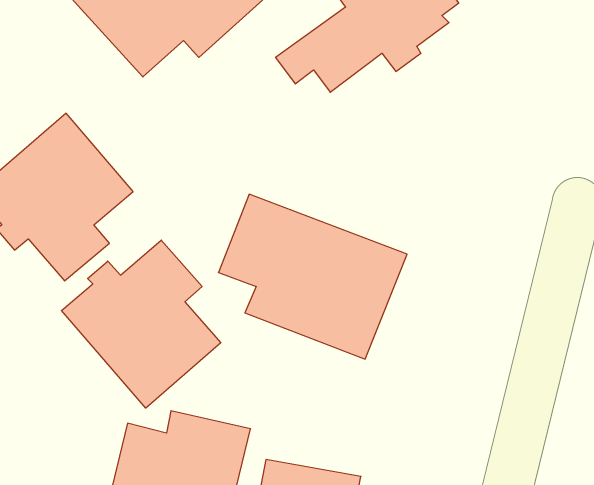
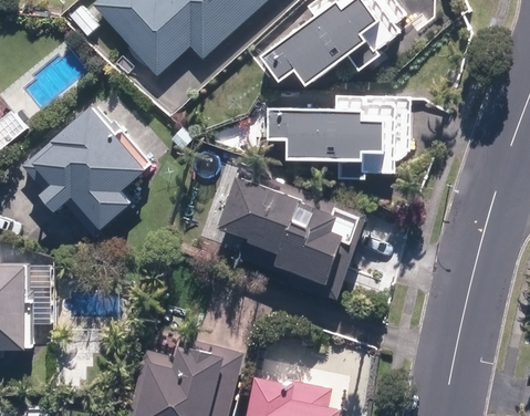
building: none -> [266,97,407,178]
building: [61,240,221,408] -> none

